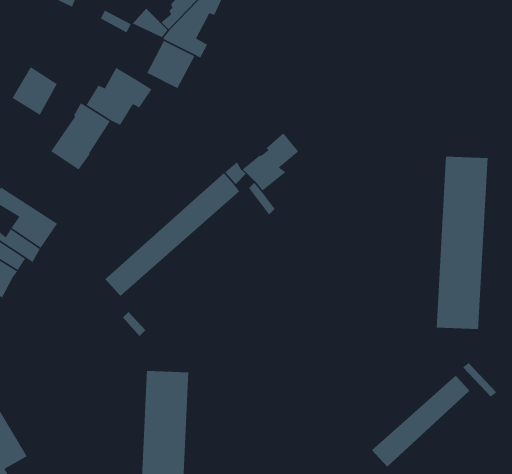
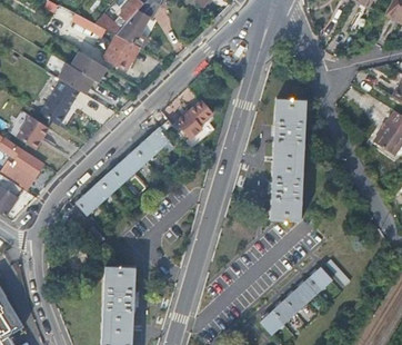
building: [11,66,58,116] -> [14,115,47,149]
building: [436,156,488,330] -> [270,100,306,221]

